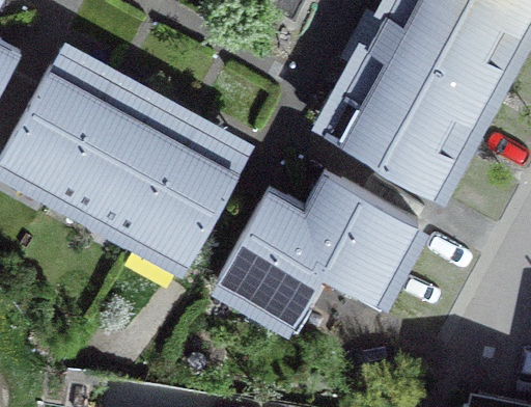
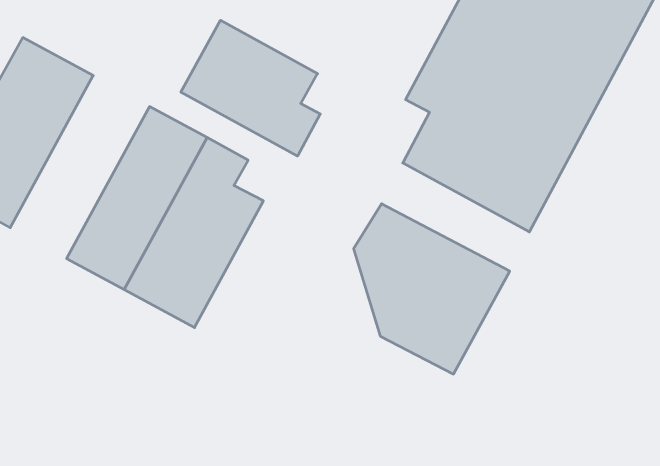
building: none -> [181,20,320,156]
building: [51,83,153,218] -> none
building: [217,193,324,327] -> none

